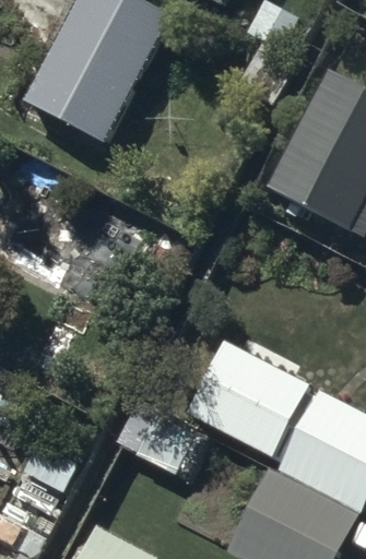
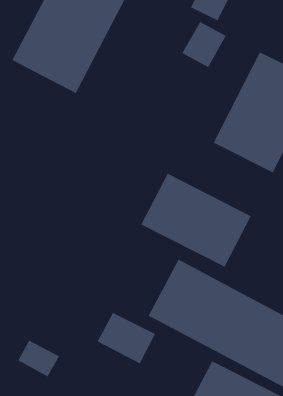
building: none -> [141,173,252,268]

